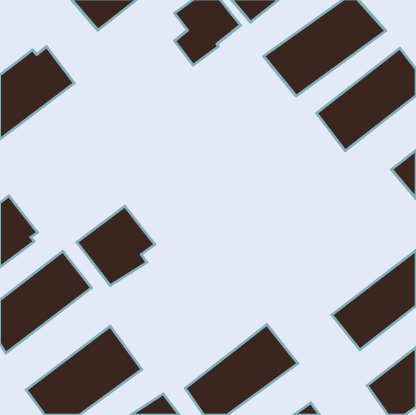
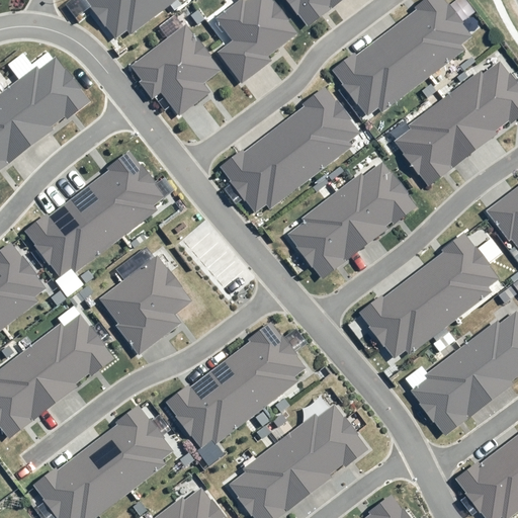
building: none -> [132,25,221,113]
building: none -> [225,90,359,213]
building: none -> [24,154,164,278]
building: none -> [281,160,411,274]
building: none -> [358,235,502,359]
building: none -> [167,326,307,454]

